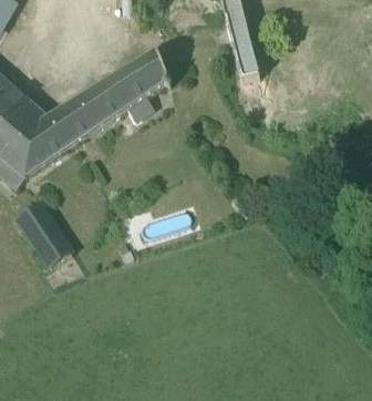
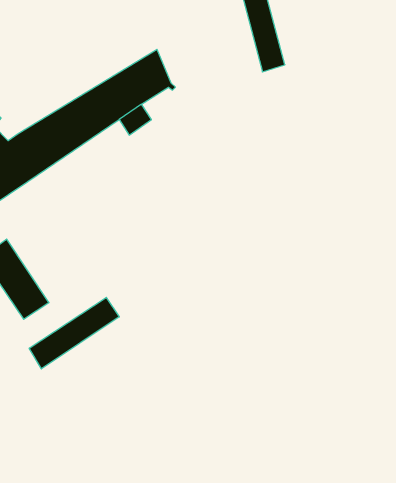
building: none -> [29,297,119,369]

